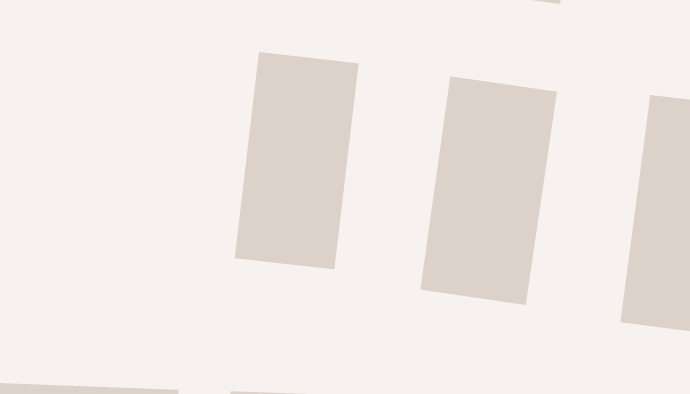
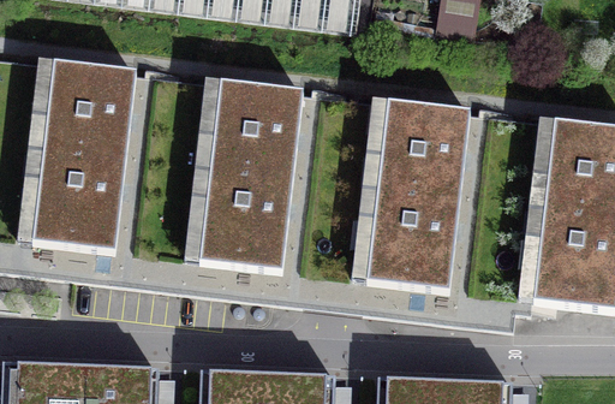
building: none -> [30,59,136,246]

